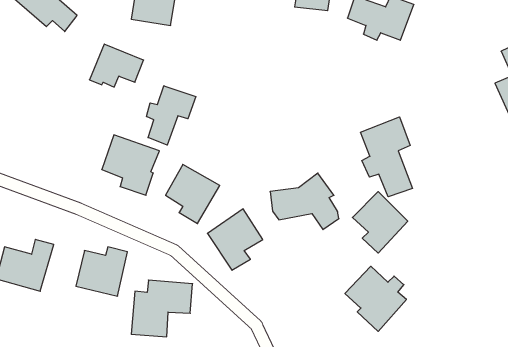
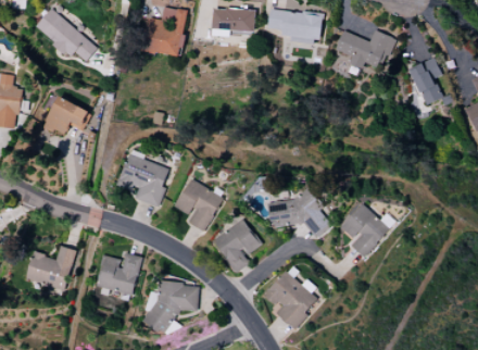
building: none -> [408,58,442,105]
building: [89,44,144,87] -> [43,97,91,135]
building: [147,86,196,145] -> none
building: [361,117,412,197] -> none
building: [345,266,406,331] -> [263,271,317,328]

